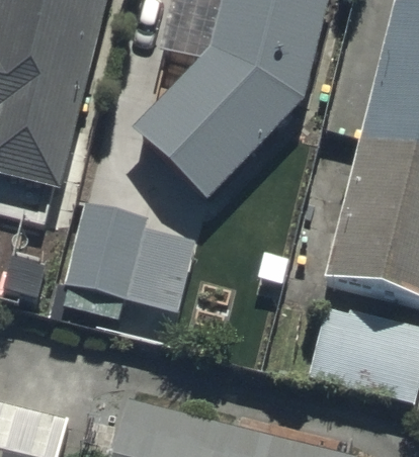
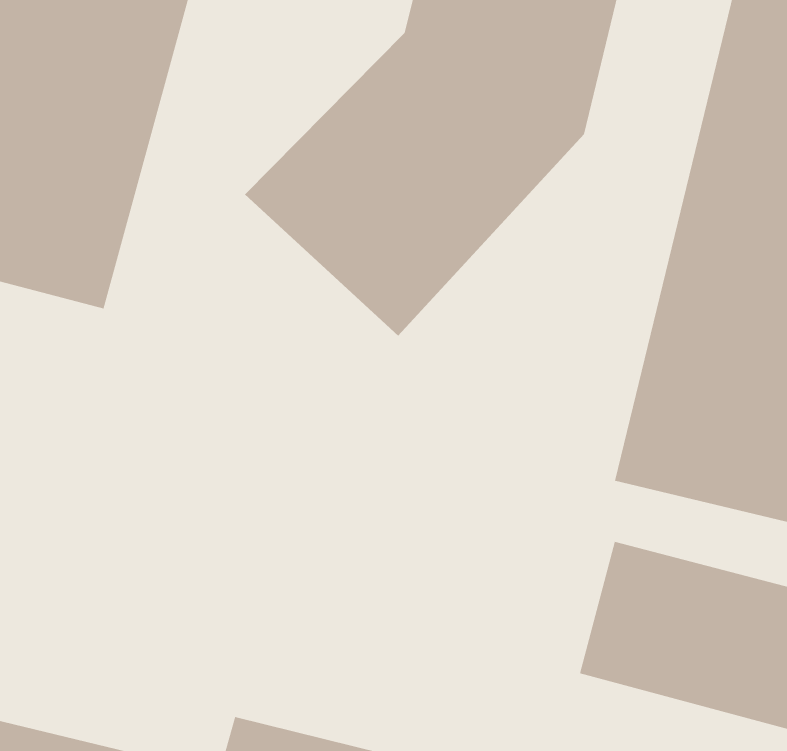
building: [60,200,199,319] -> none

